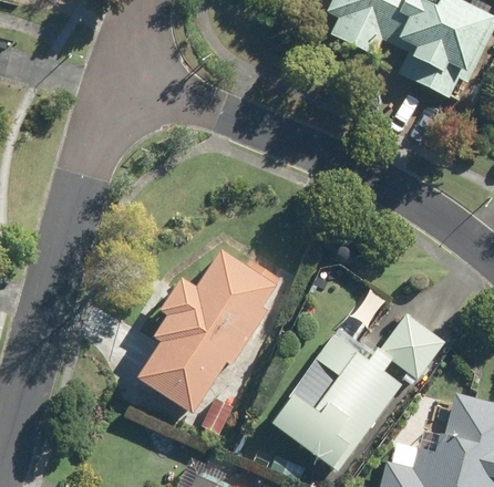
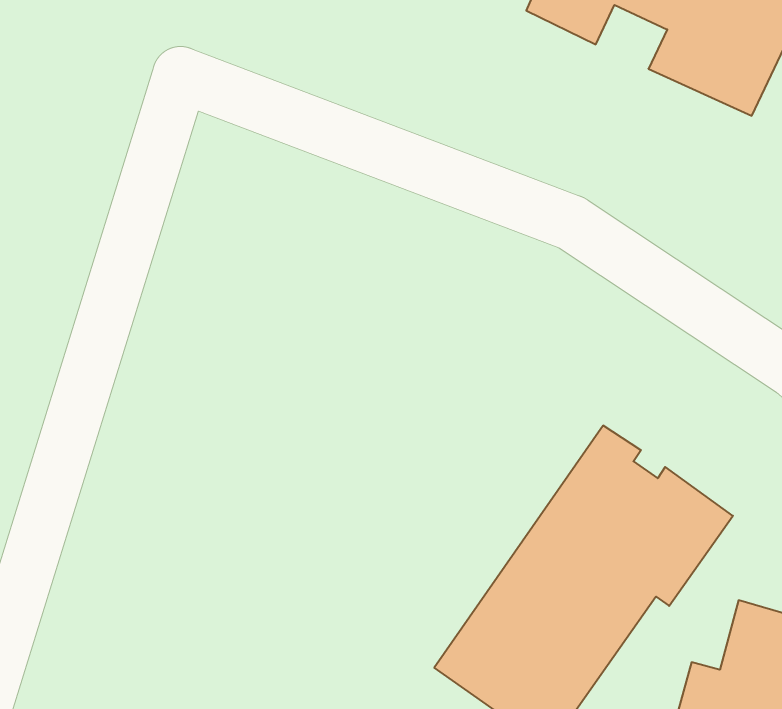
building: [131,247,277,415] -> none

